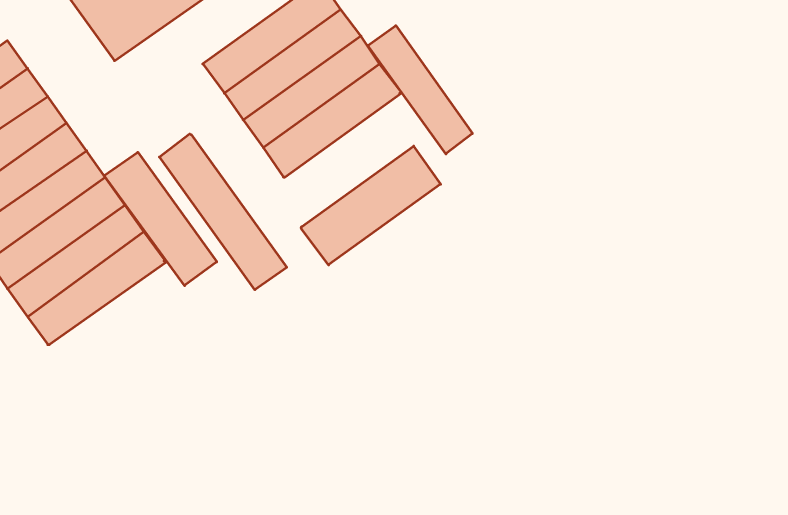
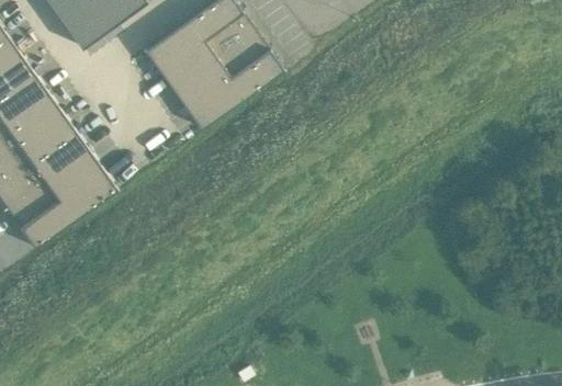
building: [368,26,472,154] -> none
building: [159,134,287,290] -> none
building: [301,146,441,265] -> none
building: [104,152,217,286] -> none

